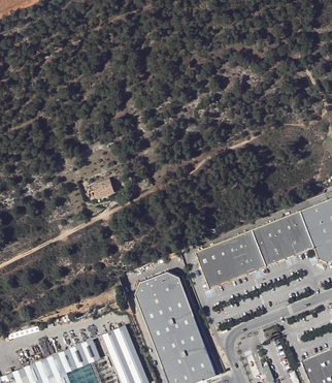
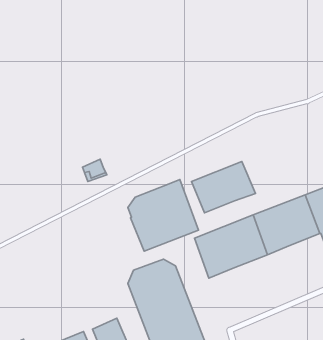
building: none -> [192,161,255,213]
building: none -> [128,179,198,251]

